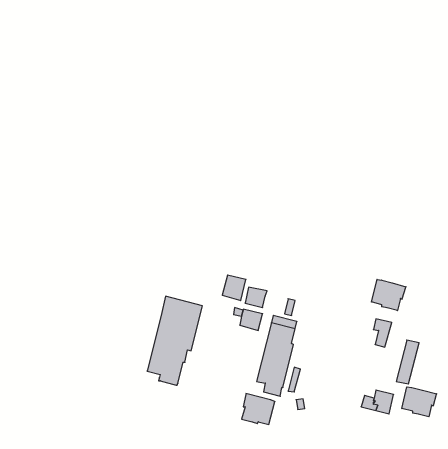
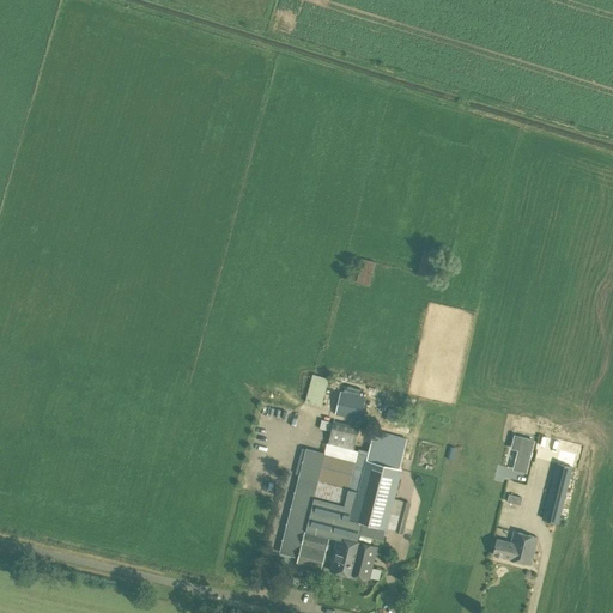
building: [371,279,406,311] -> none
building: [147,296,202,385] -> [279,448,354,569]
building: [402,387,437,417] -> none

